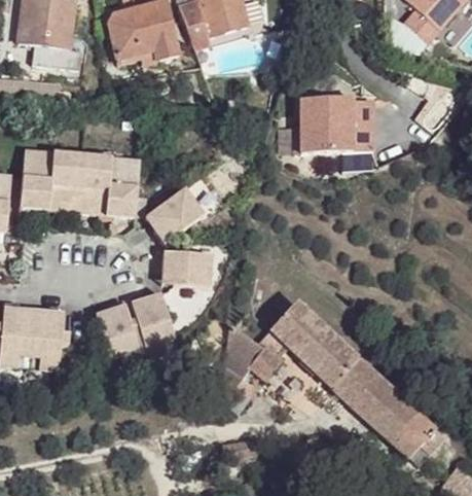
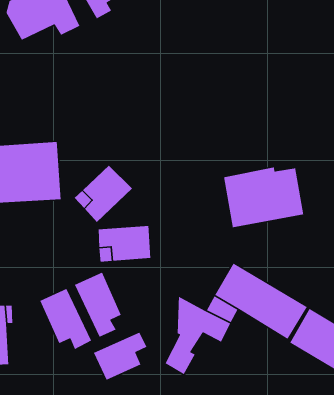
building: [300,97,373,150] -> [223,167,304,228]
building: none -> [93,331,148,381]

